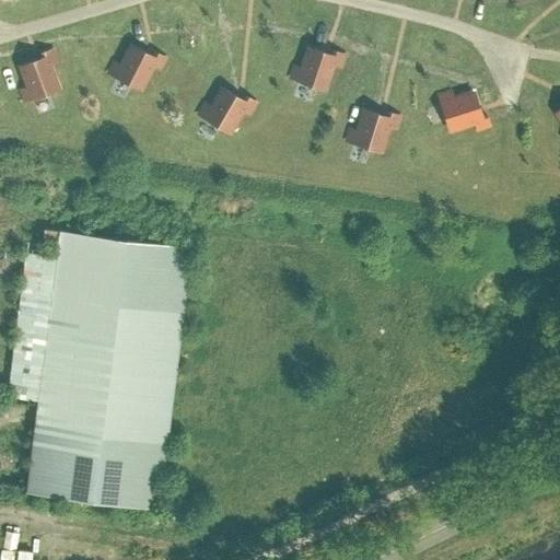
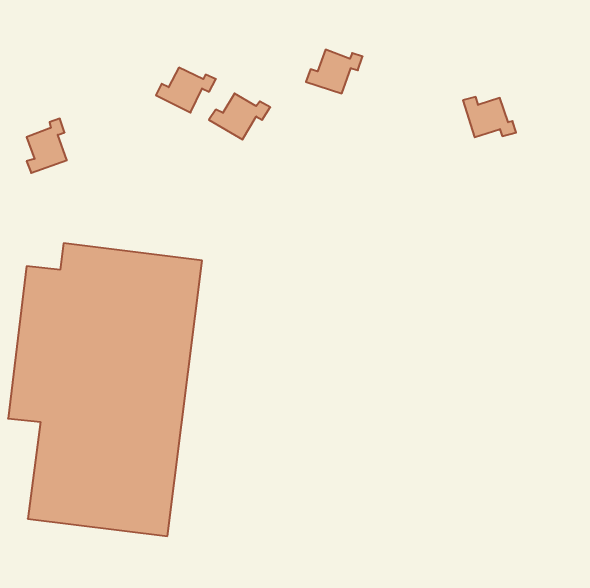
building: [108,47,165,90] -> [156,68,216,113]
building: [20,50,58,102] -> [27,119,67,173]
building: [346,112,399,152] -> none

